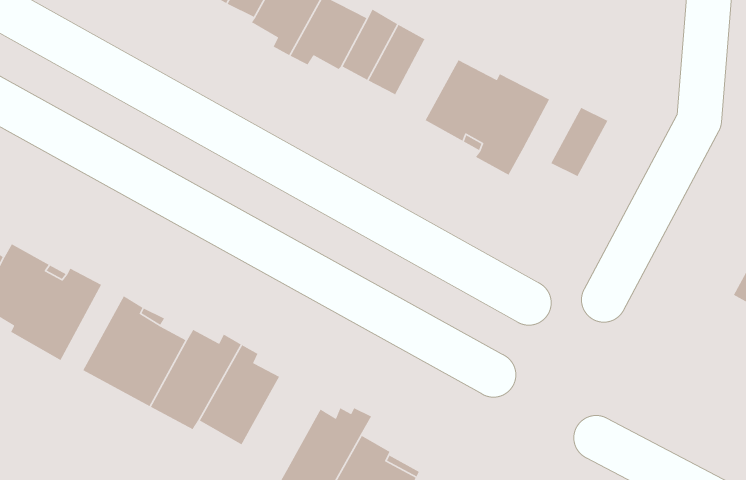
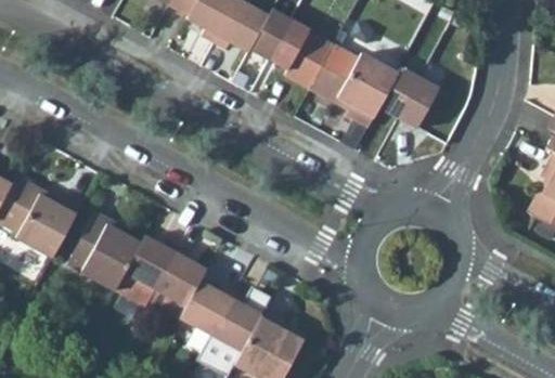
building: none -> [285,31,333,88]
building: none -> [379,67,420,118]
building: none -> [180,281,235,335]

